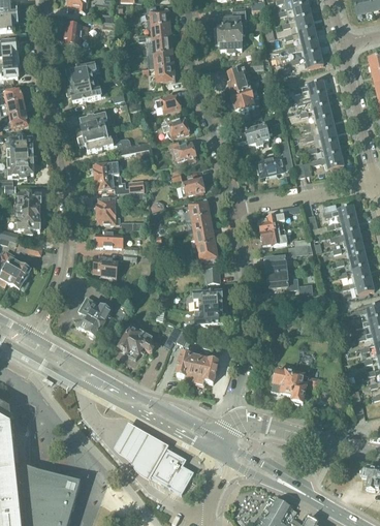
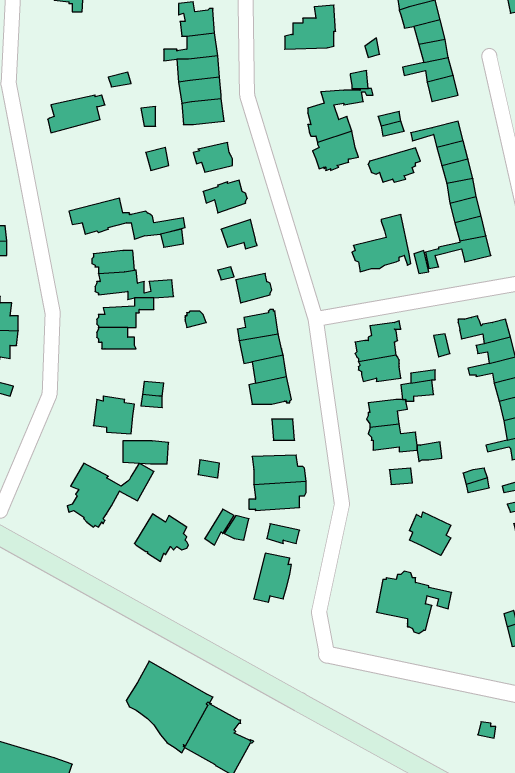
building: [63,23,88,45] -> none
building: [214,34,242,53] -> none
building: [66,80,105,102] -> none
building: [75,113,114,137] -> none
building: [240,124,273,146] -> [368,148,420,182]
building: [95,233,124,247] -> [123,441,169,464]
building: none -> [409,512,451,555]
building: [177,348,201,382] -> none

